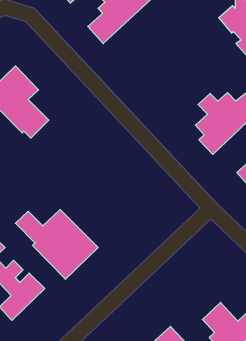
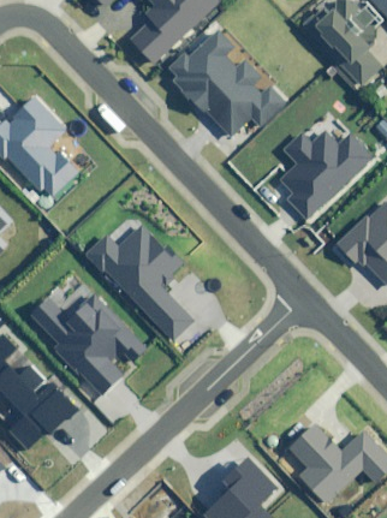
building: none -> [169,30,285,138]
building: none -> [85,225,192,340]

